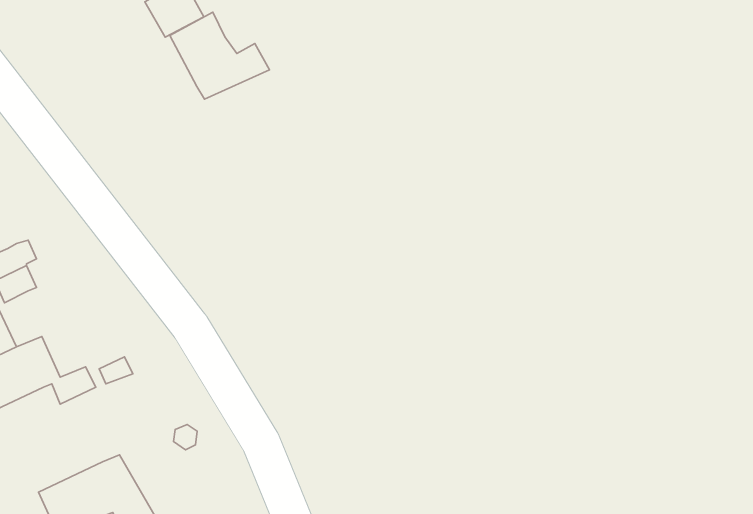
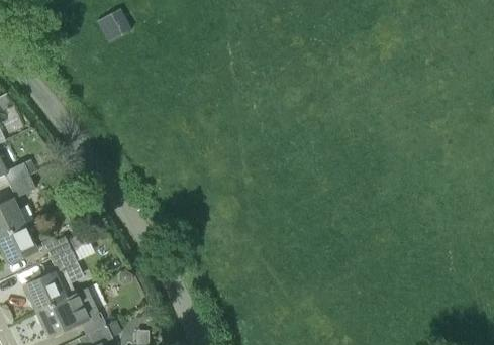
building: [170,12,269,99] -> none
building: none -> [23,249,83,312]

